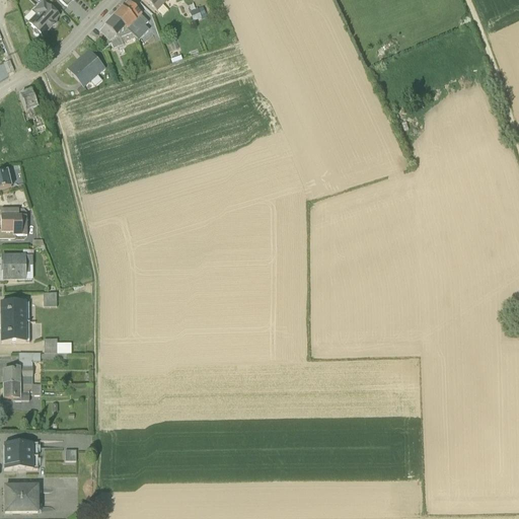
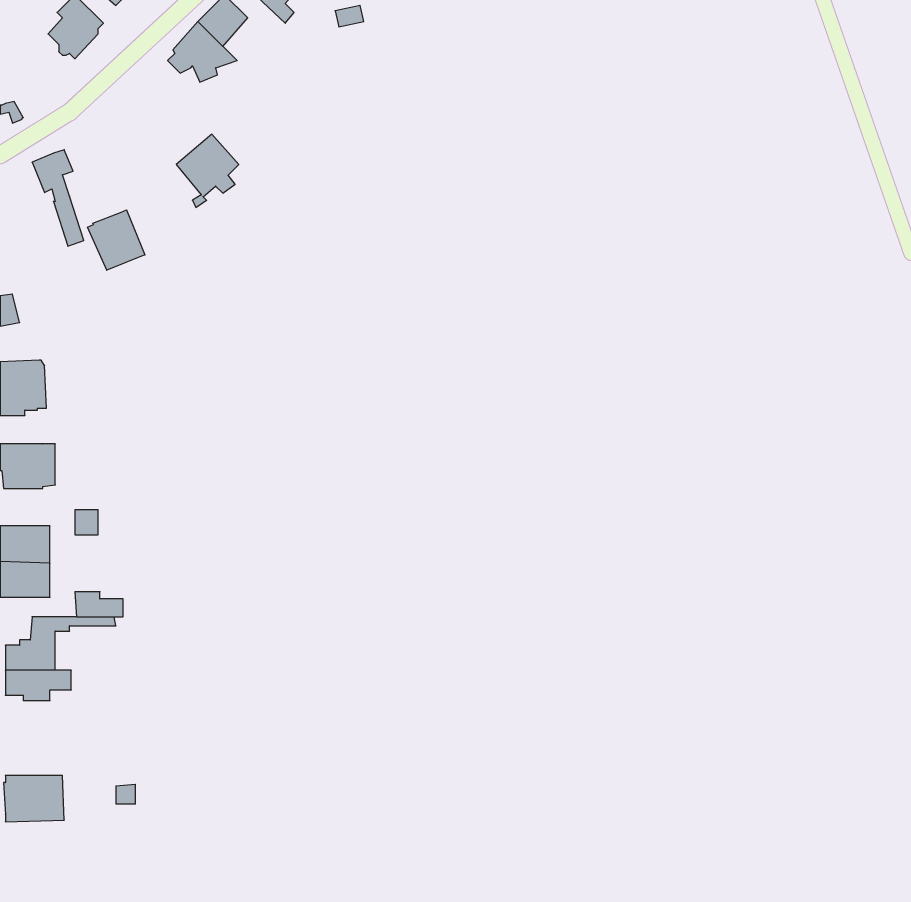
building: [68,49,103,90] -> [176,134,239,207]
building: none -> [87,210,145,270]
building: [4,483,38,509] -> none

